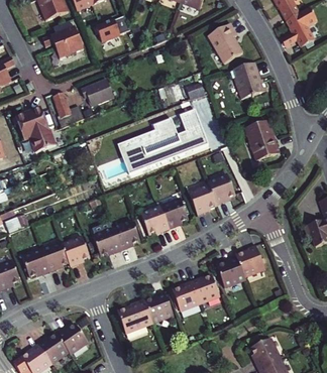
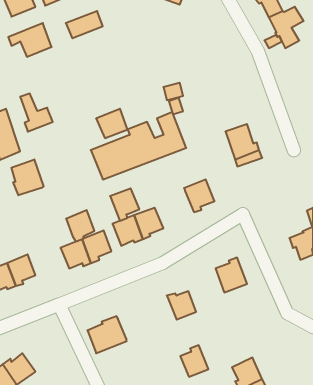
building: [208,24,241,64] -> none
building: [228,63,265,97] -> none
building: [85,78,114,105] -> [96,109,128,138]
building: none -> [11,159,44,195]
building: [188,182,215,213] -> [110,188,139,221]
building: [62,236,88,265] -> [66,210,94,242]
building: [215,254,244,287] -> none
building: [173,279,199,308] -> [180,345,208,377]
building: [144,290,171,320] -> none
building: [56,324,87,353] -> none

